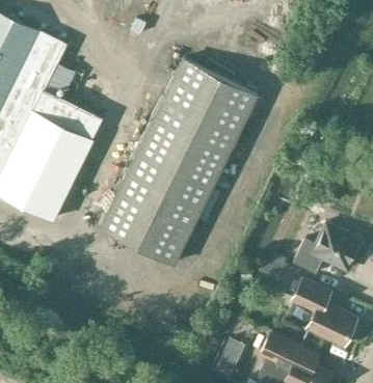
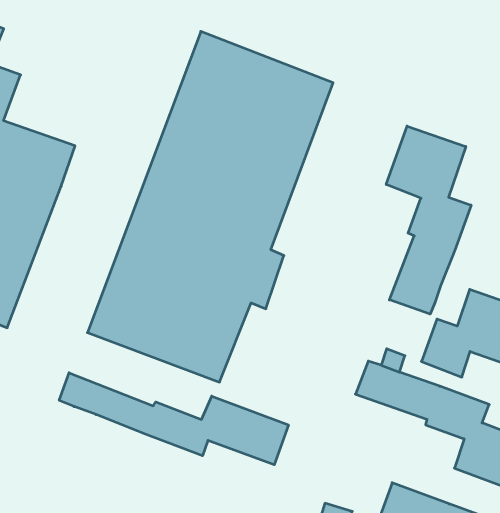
building: none -> [386,126,471,314]
building: none -> [59,373,288,465]

